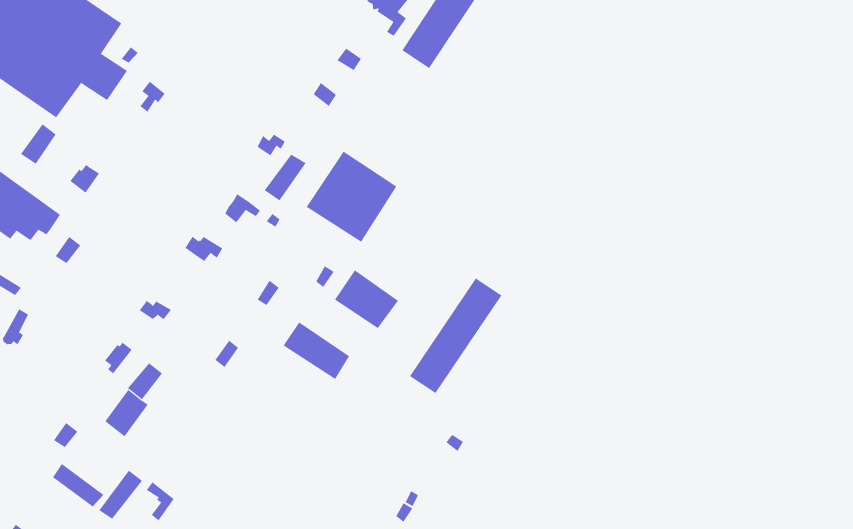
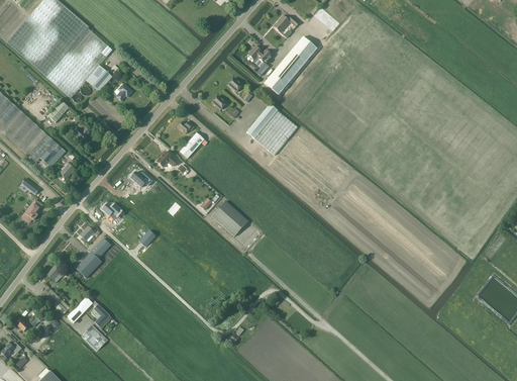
building: [306,151,397,242] -> [245,104,297,156]
building: [409,278,502,394] -> none
building: [283,322,350,380] -> none

